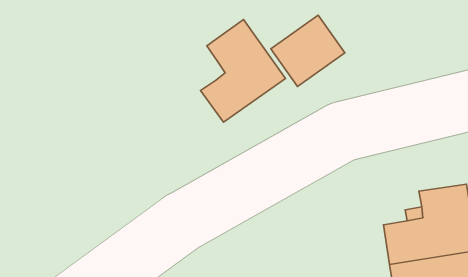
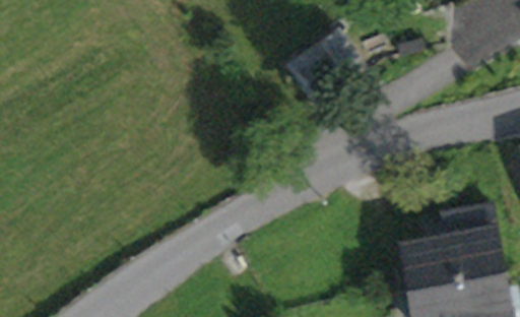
building: [200,19,285,122] -> none

